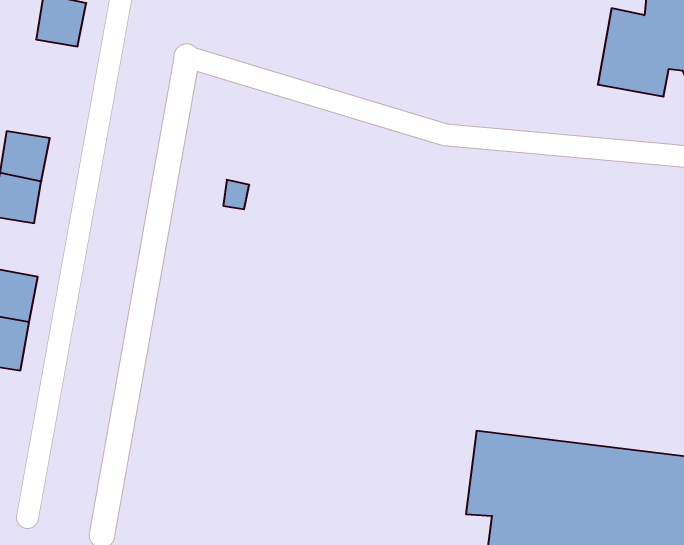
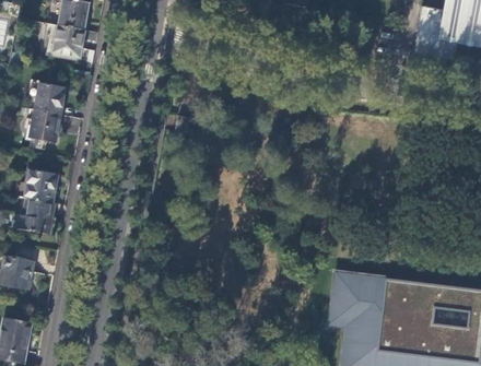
building: none -> [47,25,84,58]

